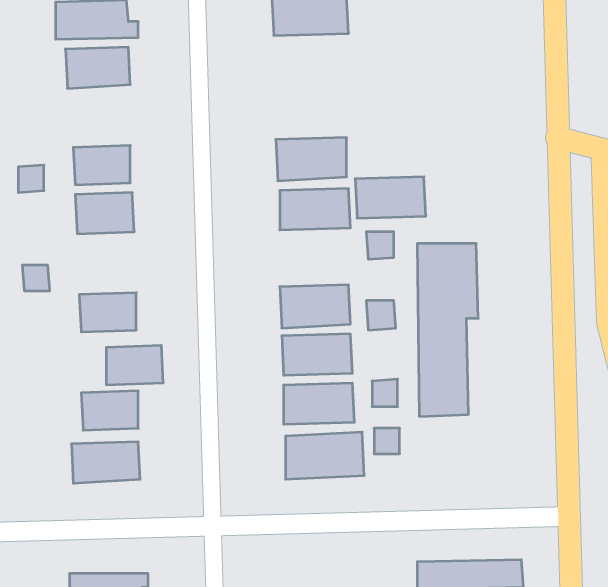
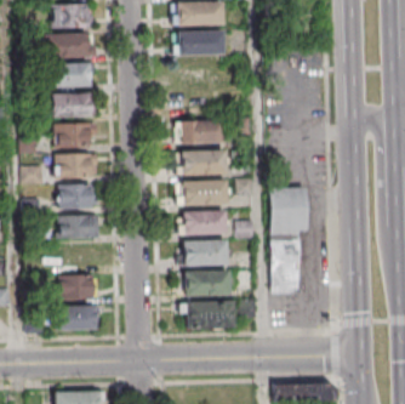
building: none -> [52,95,92,119]
building: [355,177,426,218] -> [183,181,227,206]
building: [106,345,163,385] -> [59,184,95,209]

